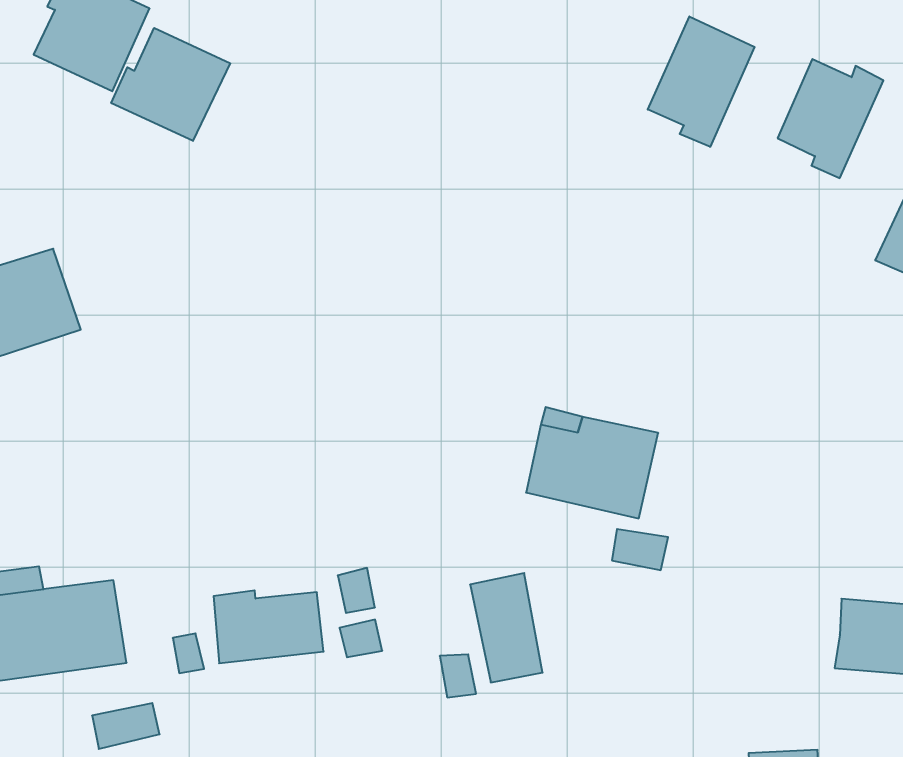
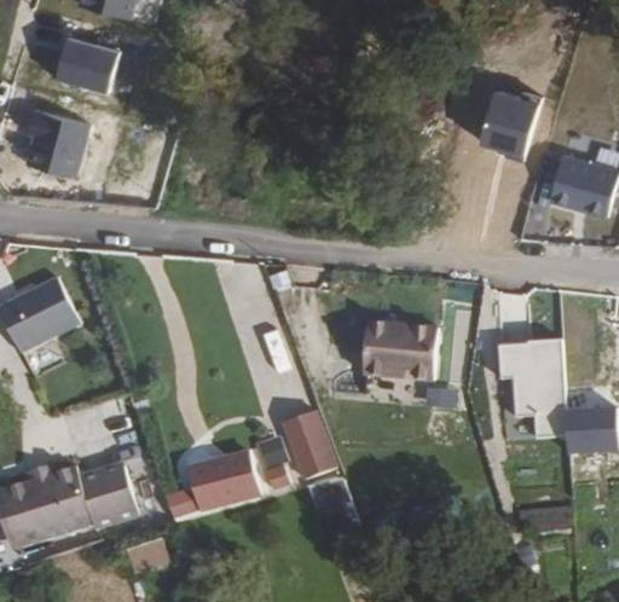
building: [648,16,755,147] -> none
building: [111,28,230,141] -> none
building: none -> [496,338,565,434]
building: [470,573,543,682] -> [280,412,332,481]

